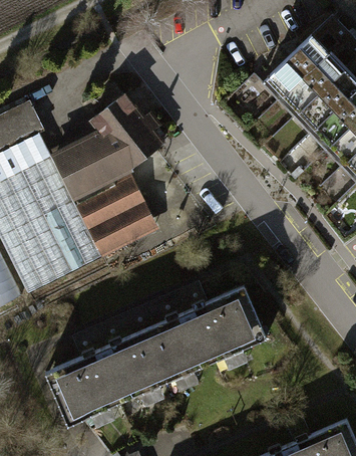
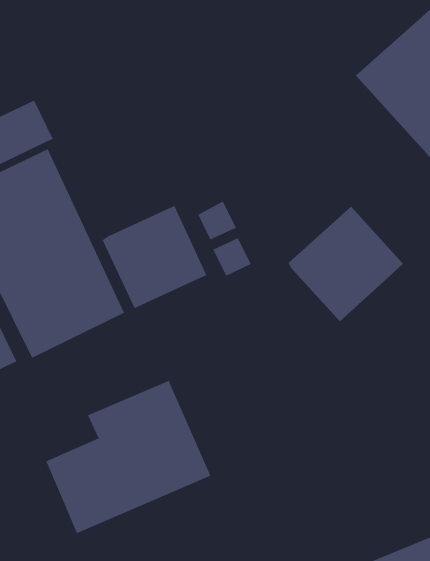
building: [56,95,165,198] -> none
building: none -> [288,206,404,322]
building: [129,281,261,382] -> none

